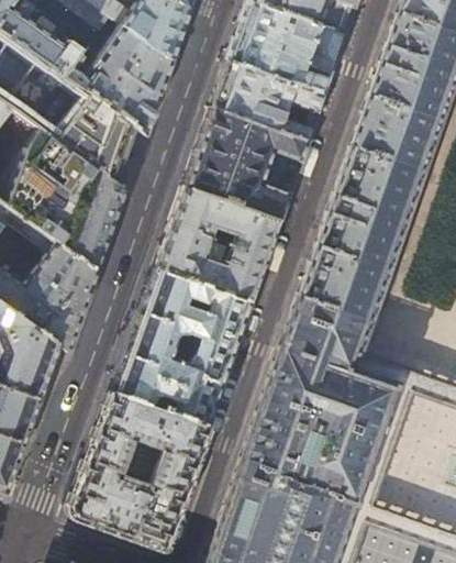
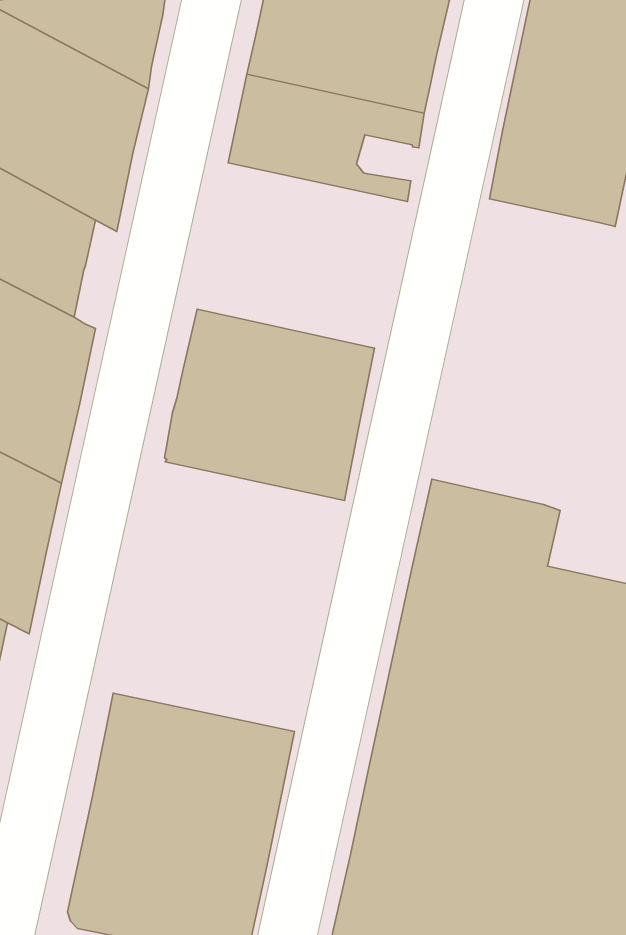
building: [185,110,308,222] -> none
building: [301,148,420,324] -> none
building: [111,269,252,427] -> none

